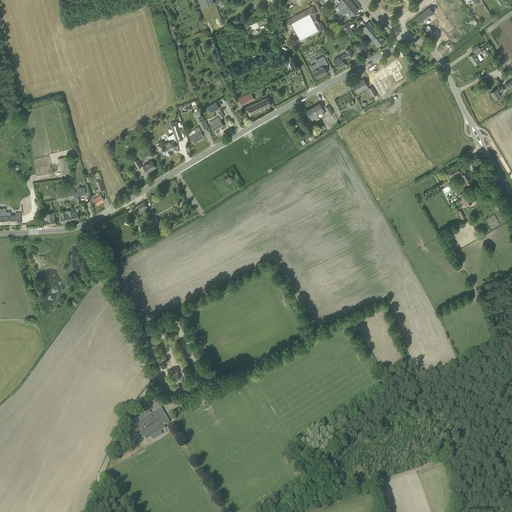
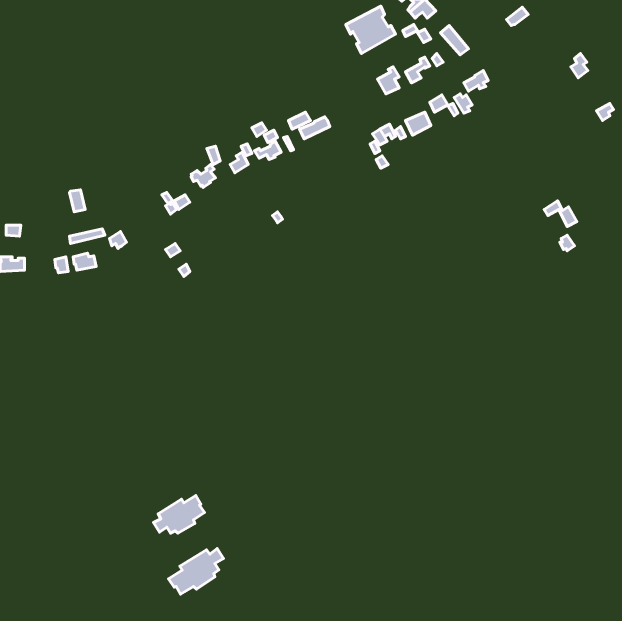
building: none -> [169,549,223,594]

